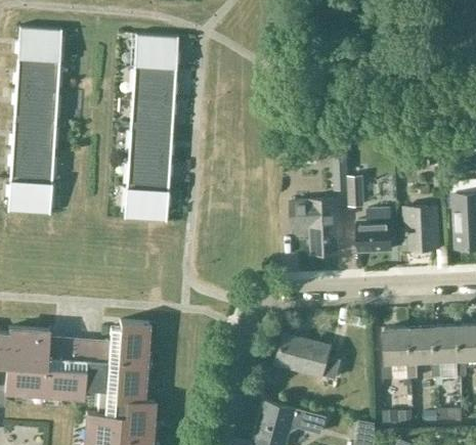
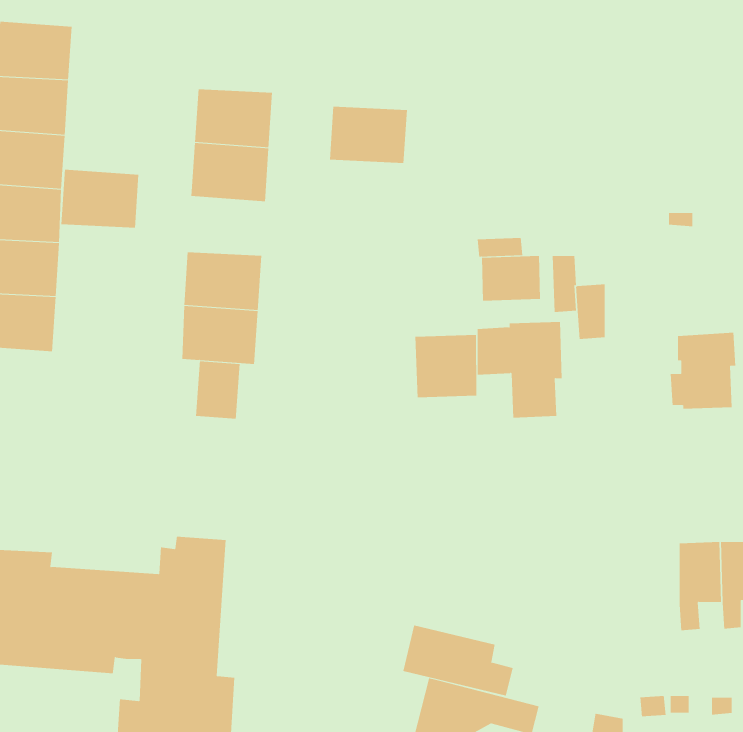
building: [133,35,178,68] -> [329,106,408,163]
building: [127,127,172,161] -> [61,169,139,228]
building: none -> [481,255,540,301]
building: none -> [415,334,477,398]
building: [359,208,393,251] -> none
building: none -> [195,360,240,420]
building: [385,325,409,375] -> none
building: [276,335,340,375] -> [403,625,514,696]

